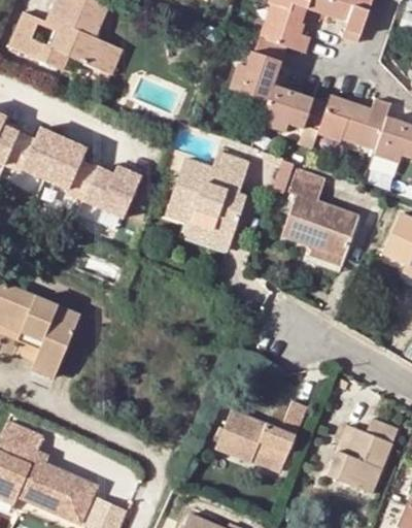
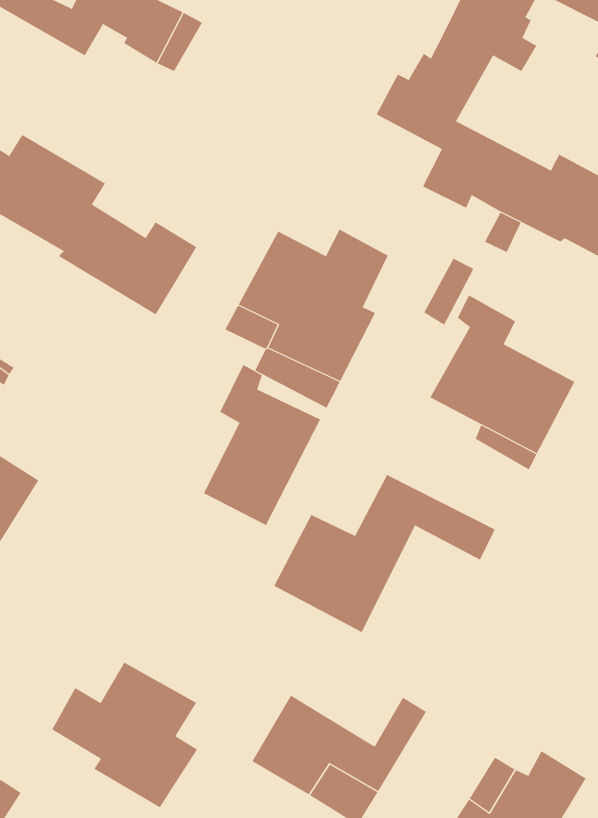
building: none -> [203,364,321,526]
building: none -> [273,474,496,633]
building: none -> [52,662,198,808]

